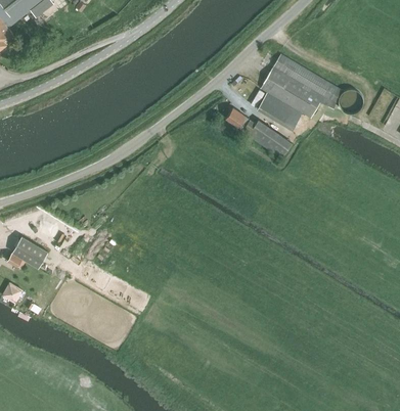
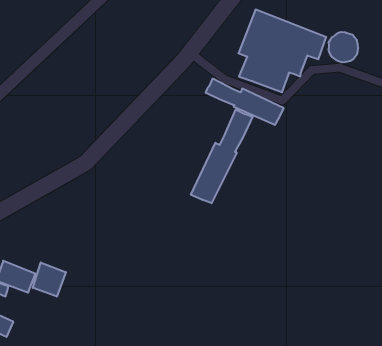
building: none -> [191,109,253,203]
building: none -> [33,262,66,297]

